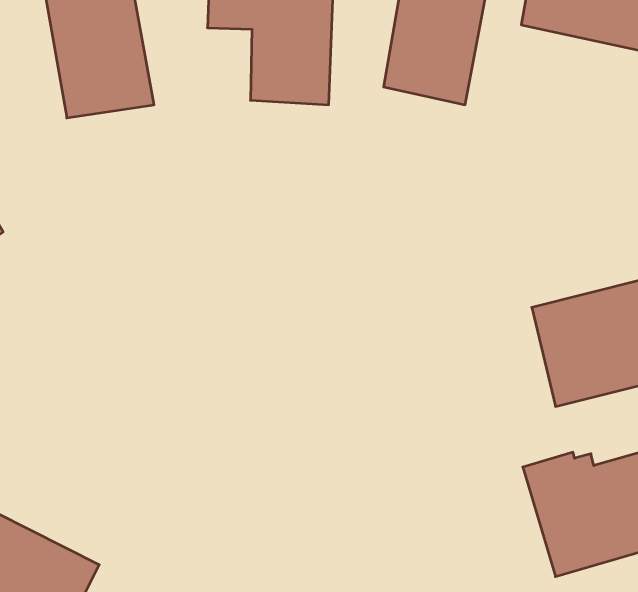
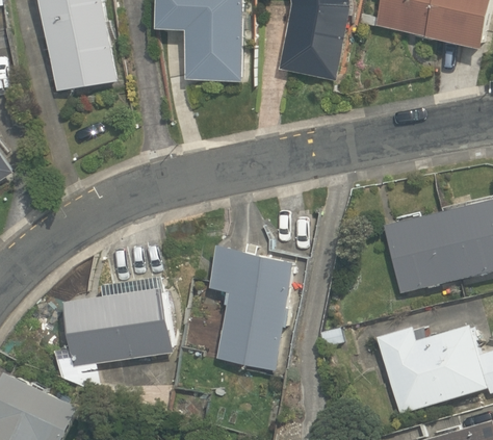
building: none -> [207,242,294,370]
building: none -> [52,275,173,393]

